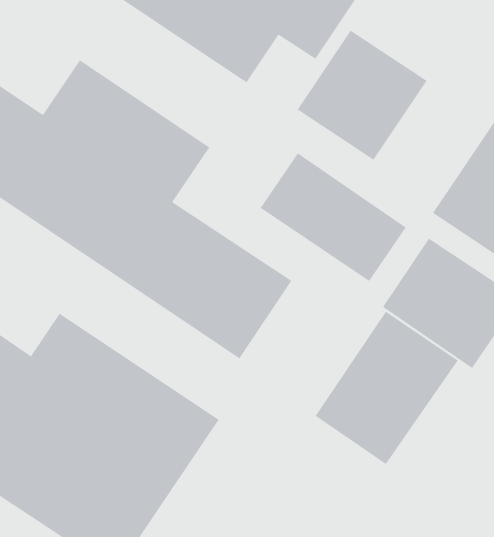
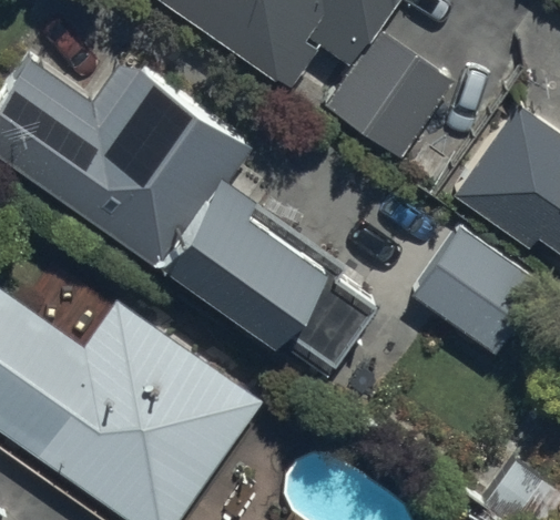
building: [260,152,406,282] -> none
building: [315,311,458,465] -> none

